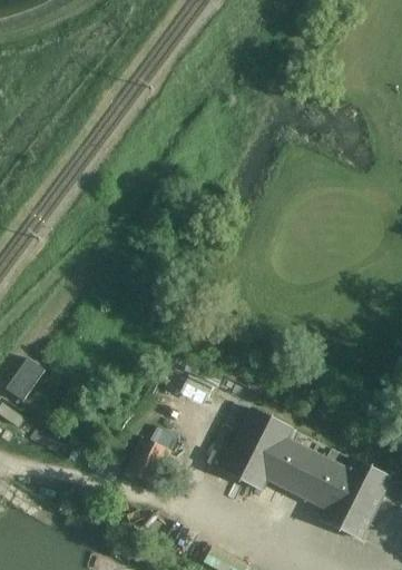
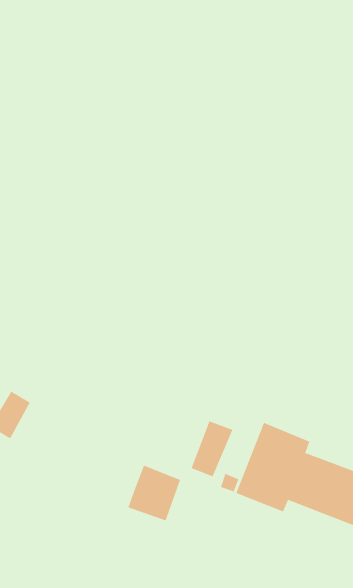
building: none -> [191,421,233,477]

